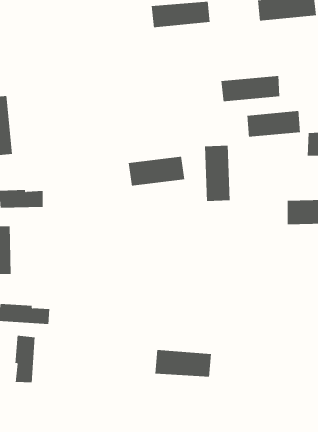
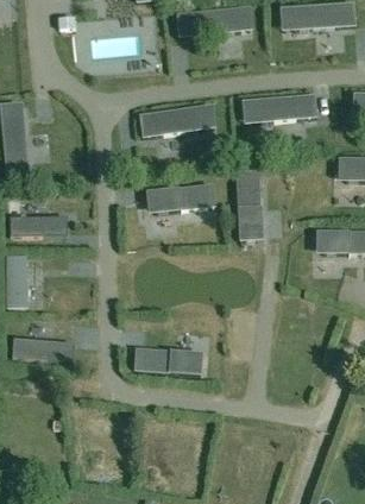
building: none -> [141,105,206,136]
building: [247,110,301,138] -> none
building: [15,335,35,383] -> none
building: [154,349,212,377] -> [137,344,199,373]

